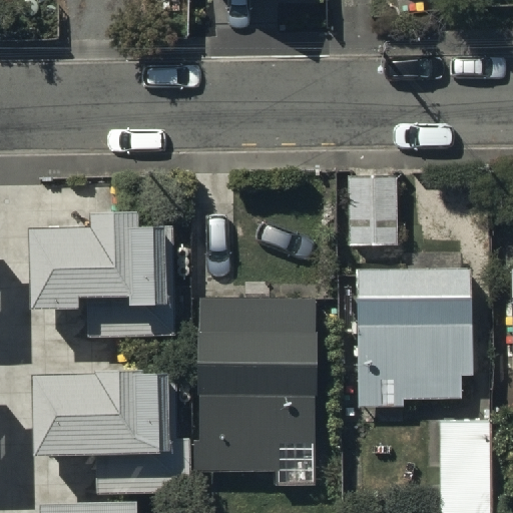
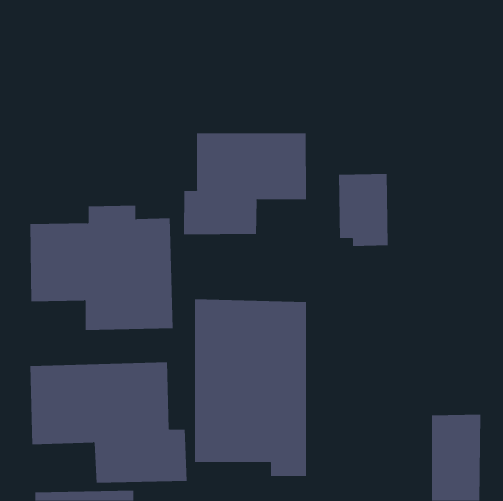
building: none -> [184,133,306,235]
building: [355,270,472,408] -> none

